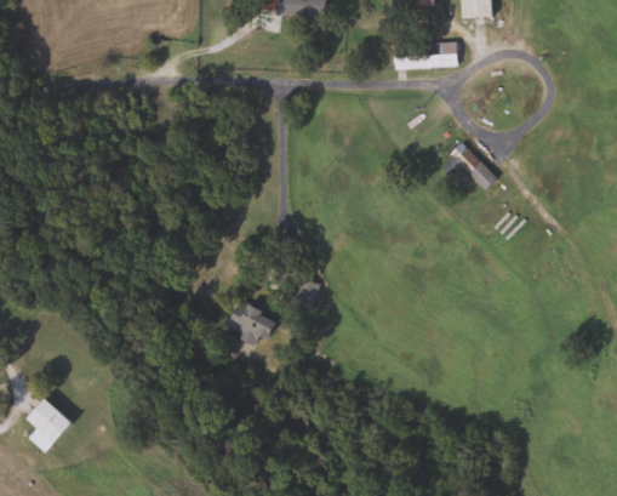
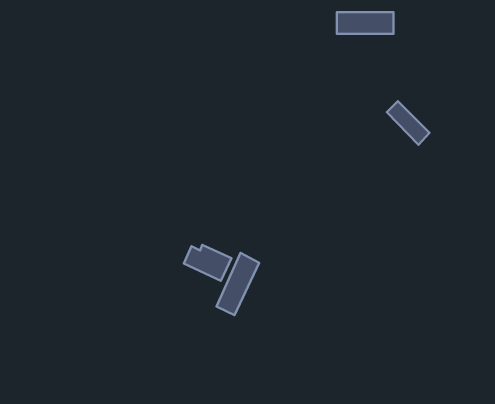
building: none -> [216,253,259,315]
building: [29,397,73,452] -> none

